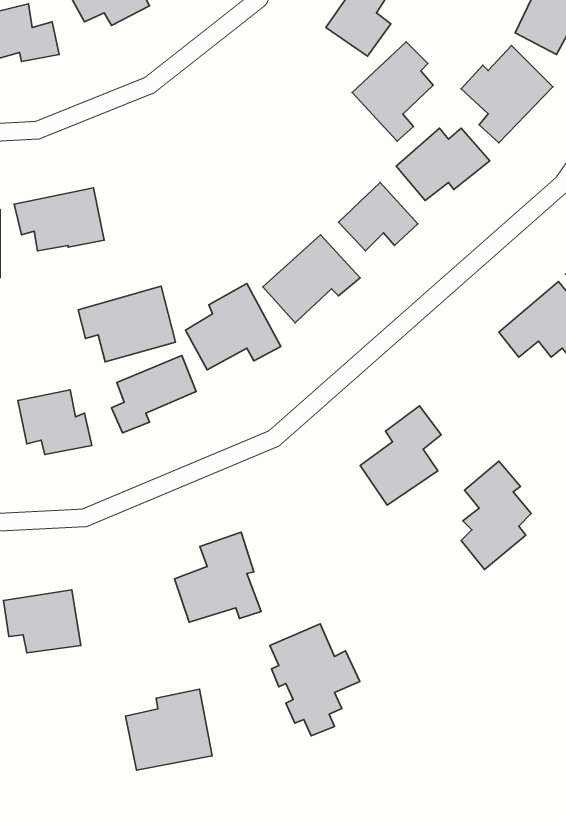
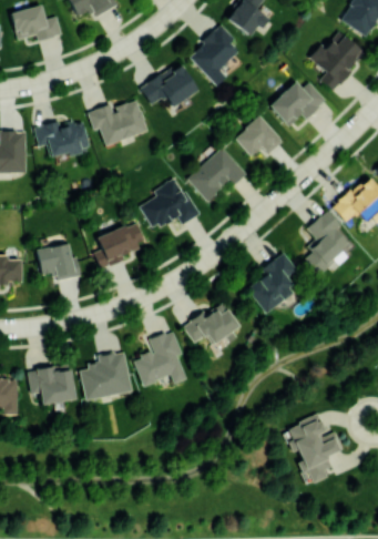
building: [352,42,433,141] -> [188,24,238,85]
building: none -> [141,62,198,106]
building: [78,286,176,362] -> [88,98,147,144]
building: [461,461,531,569] -> [305,210,348,276]
building: none -> [183,302,236,343]
building: [270,624,360,736] -> [288,414,344,482]
building: [126,689,212,770] -> [79,350,132,400]

